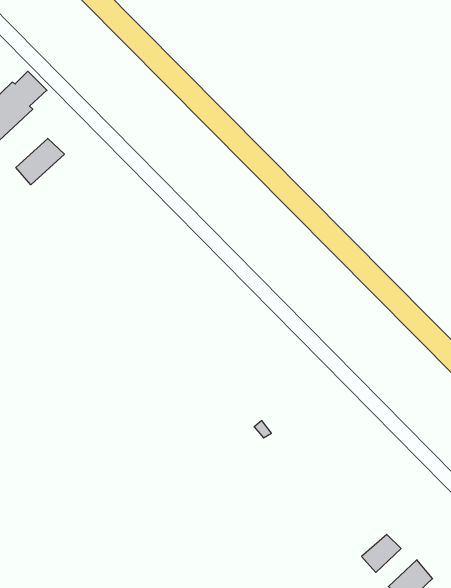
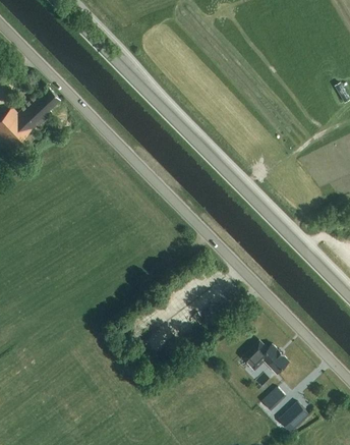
building: [16,138,64,185] -> none
building: none -> [243,342,289,375]

